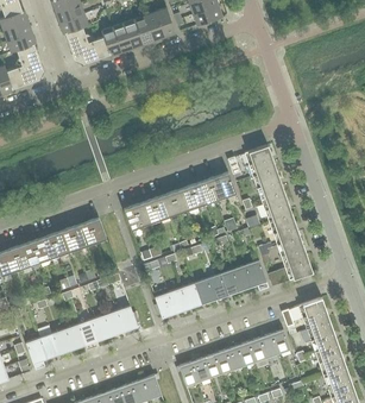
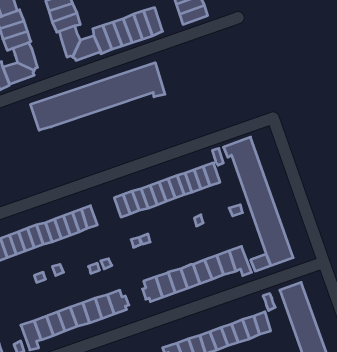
building: none -> [31,63,165,130]

